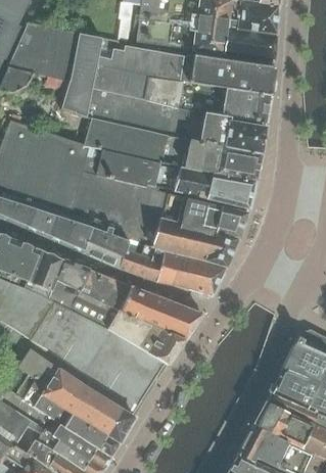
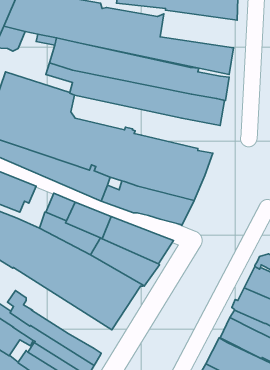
building: [187,54,274,93] -> none
building: [85,147,255,209] -> none
building: [24,251,65,299] -> none
building: [8,344,135,442] -> none

